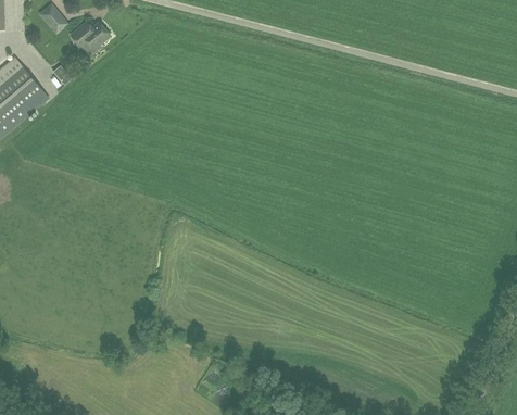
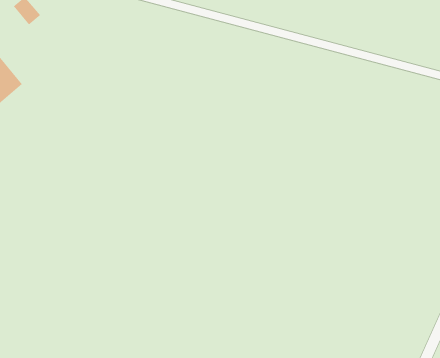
building: [71,21,110,48] -> none

